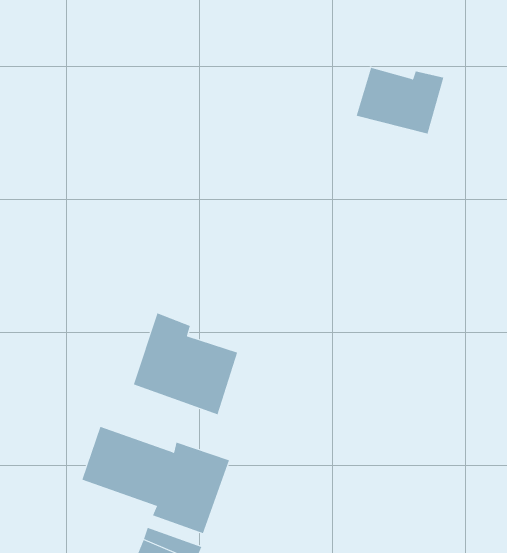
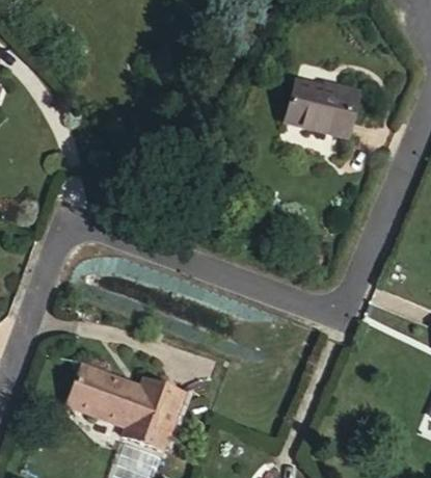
building: [133,313,238,415] -> none

